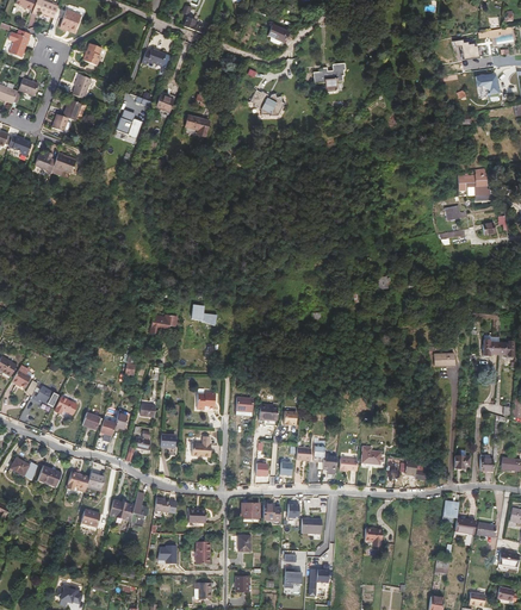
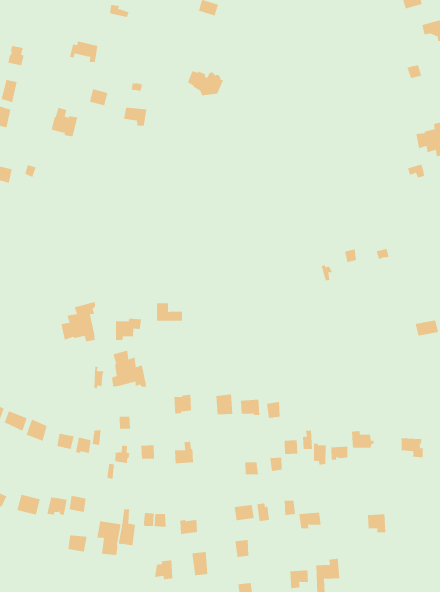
building: [314,62,345,92] -> none
building: none -> [61,301,95,342]
building: none -> [111,350,147,387]

